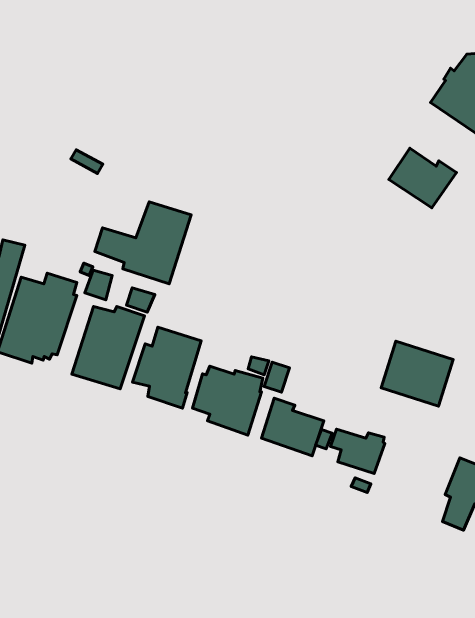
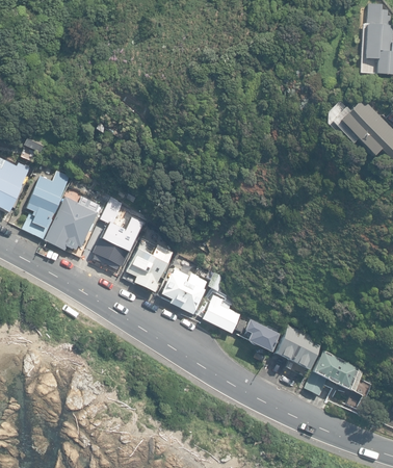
building: [389,148,456,208] -> none
building: [95,202,191,284] -> none
building: [381,341,453,406] -> [276,324,323,369]

